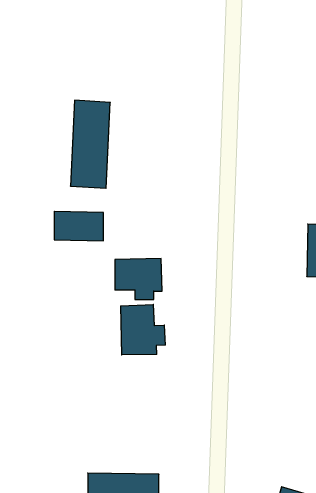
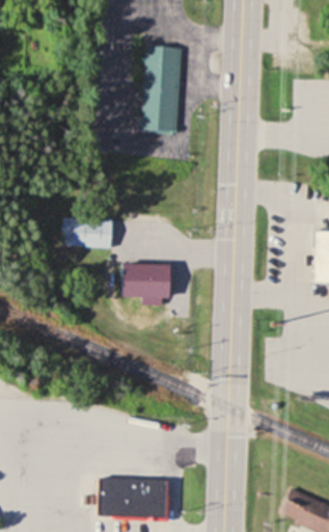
building: [70,100,110,188] -> [142,45,182,132]
building: [121,304,165,355] -> none

